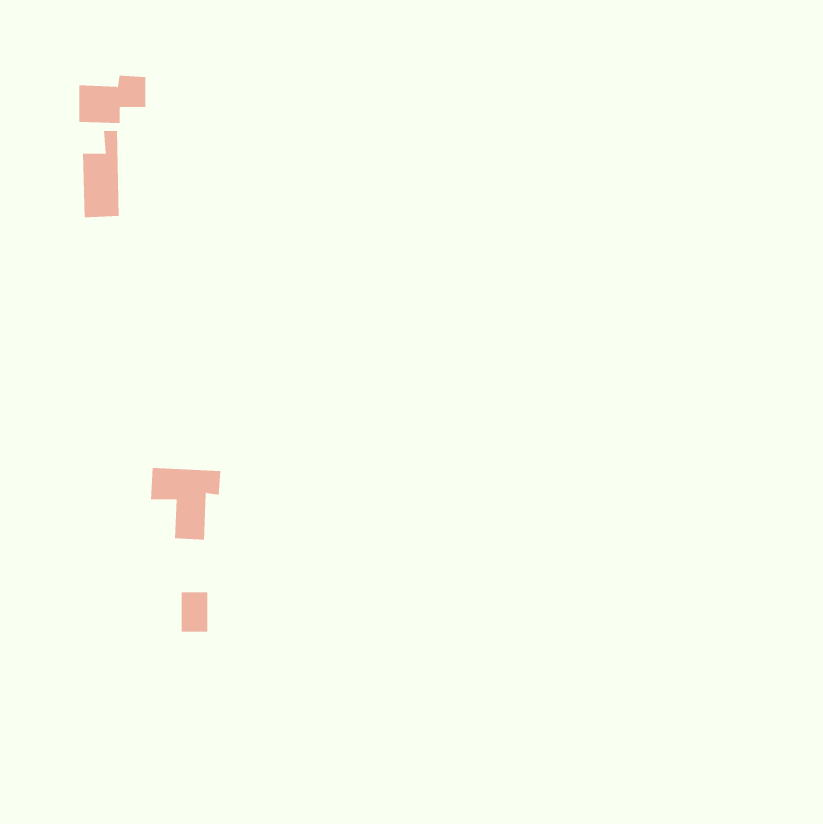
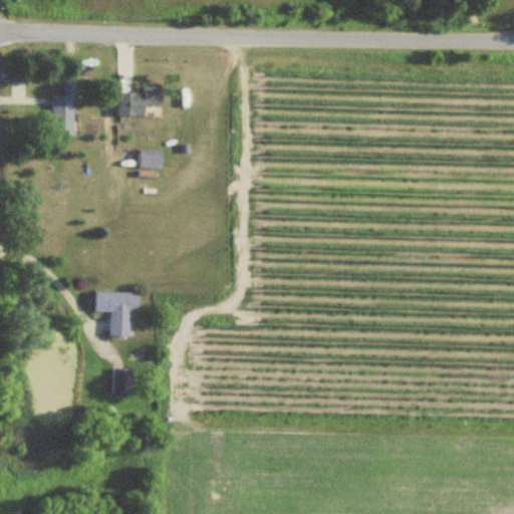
building: [79,75,146,124] -> [119,86,162,116]
building: none -> [141,151,163,168]

